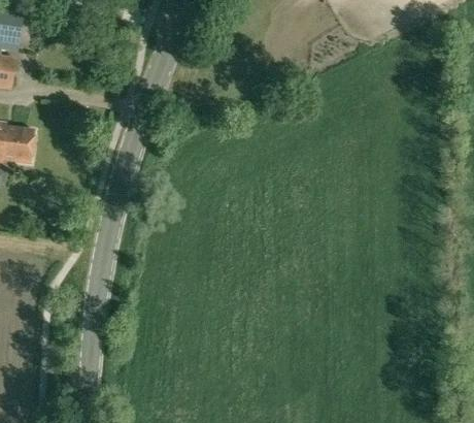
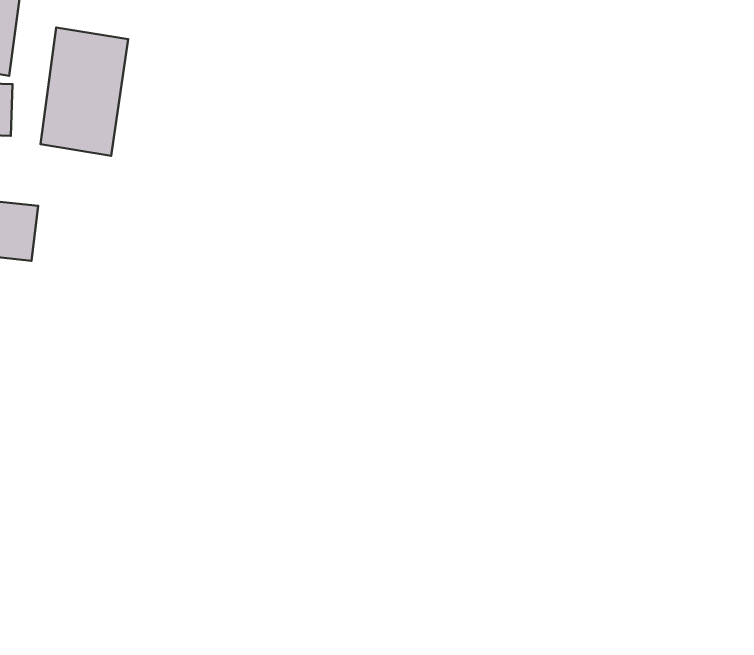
building: none -> [41,27,128,156]

